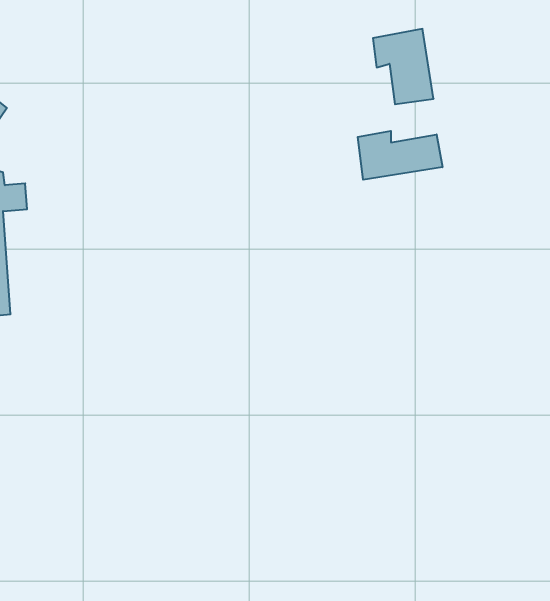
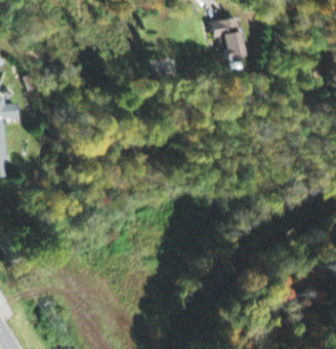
building: [358,131,442,180] -> none

